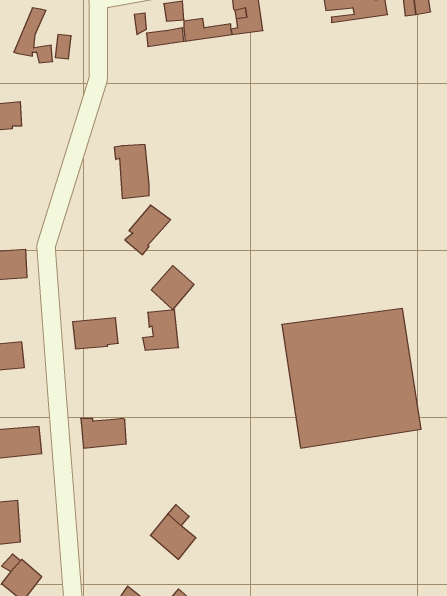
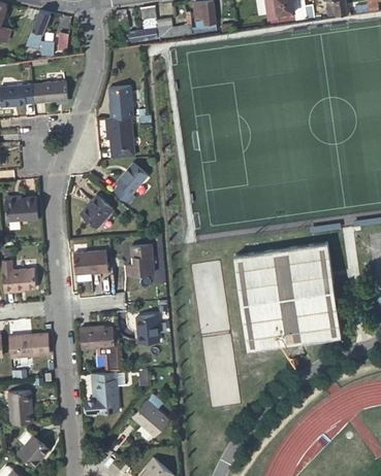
building: none -> [32,79,67,102]
building: none -> [108,84,132,117]
building: [151,266,194,310] -> [80,194,113,228]
building: none -> [136,314,159,342]
building: none -> [86,371,119,413]

